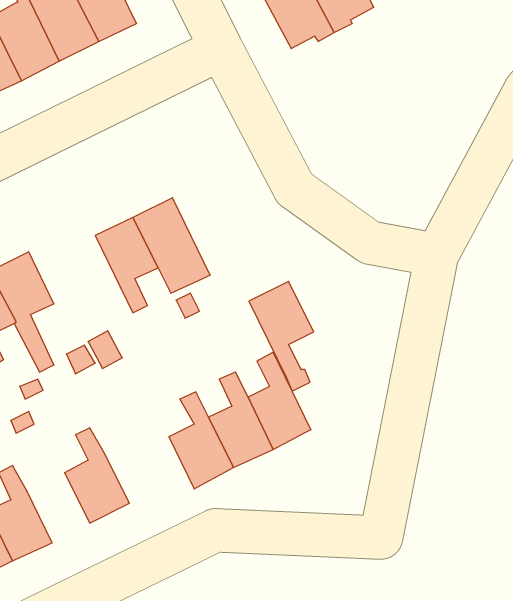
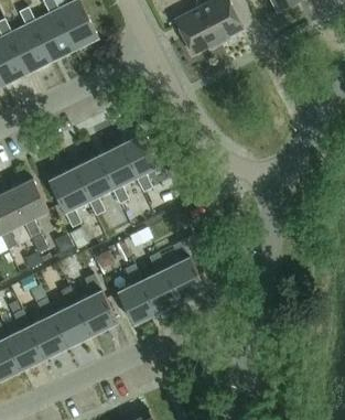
building: none -> [50,169,89,228]
building: [249,281,314,391] -> [121,133,161,201]
building: none -> [79,274,118,333]
building: none -> [32,298,71,357]

